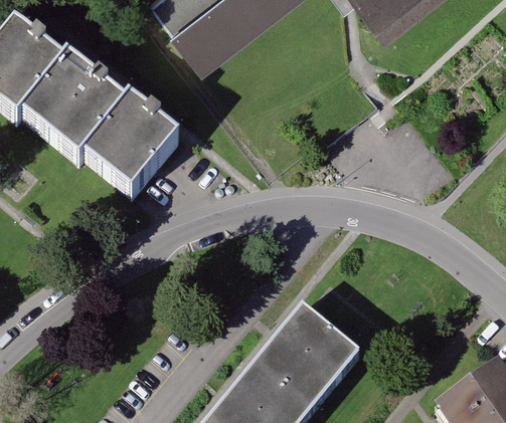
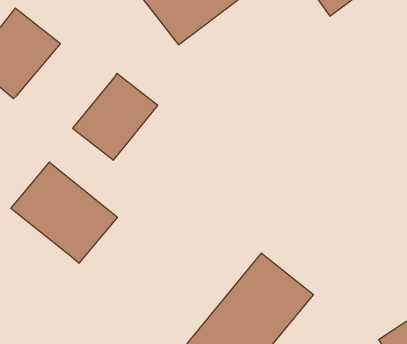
building: [21,58,132,167] -> none
building: none -> [11,162,117,263]

